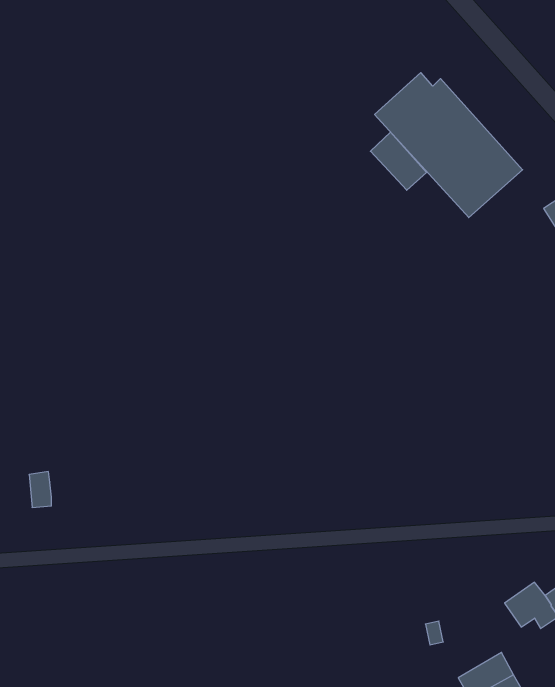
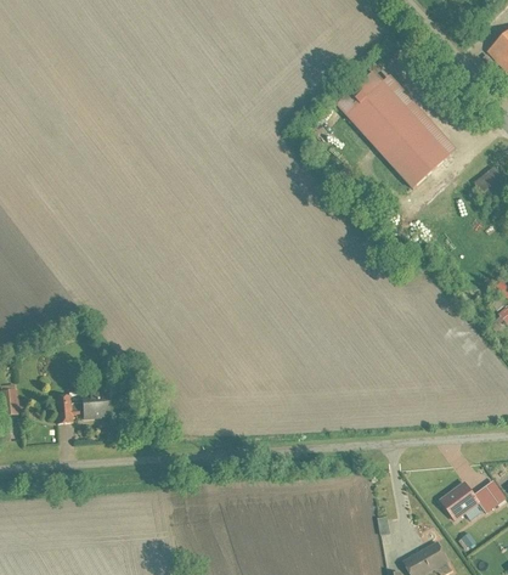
building: [370,132,426,190] -> none
building: none -> [72,393,113,422]

